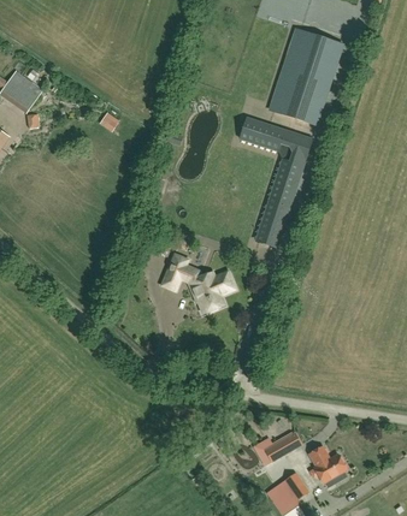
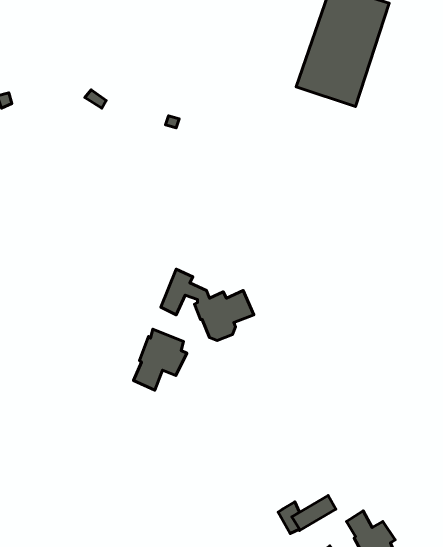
building: [240,118,311,247] -> none
building: none -> [133,329,187,390]

